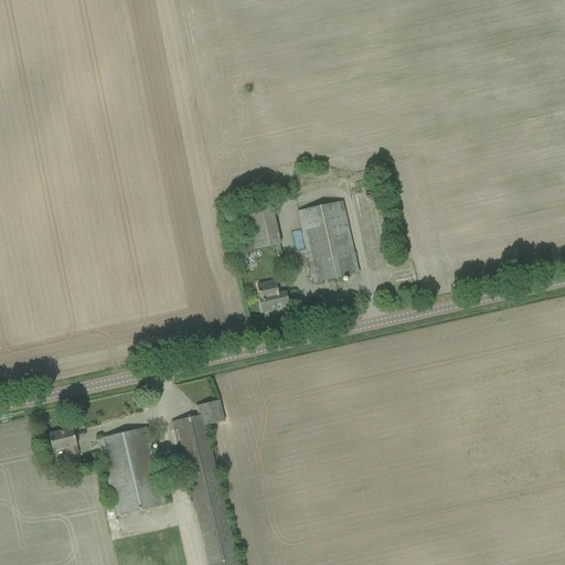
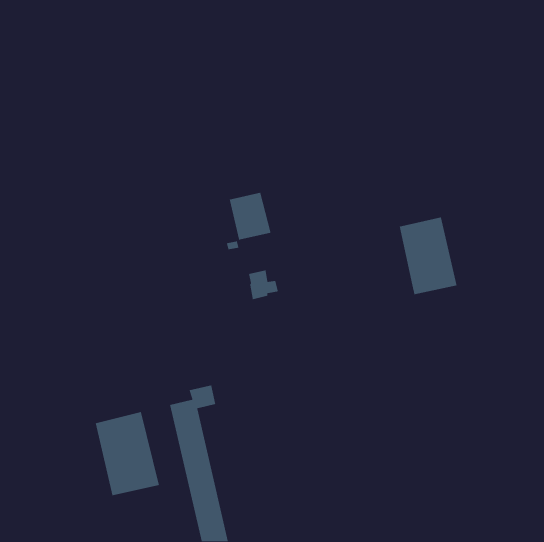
building: [298,200,359,281] -> [399,217,457,295]
building: [49,427,78,455] -> none

